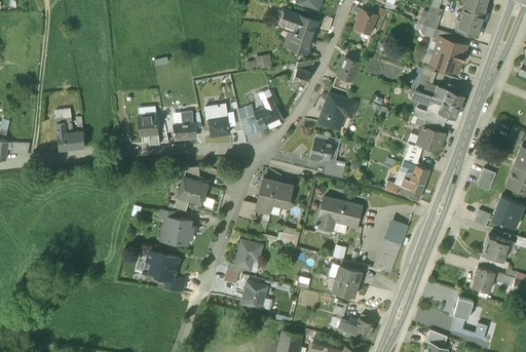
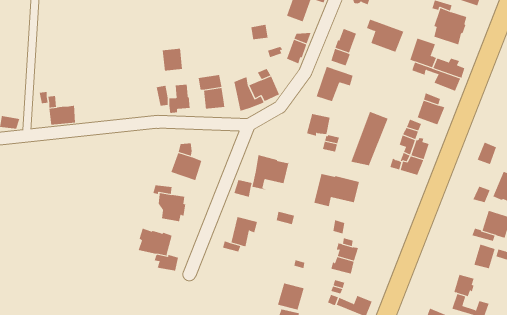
building: [138,113,158,135] -> [162,48,183,71]
building: [372,219,409,272] -> [350,111,388,166]
building: [240,282,267,309] -> [277,283,305,310]

